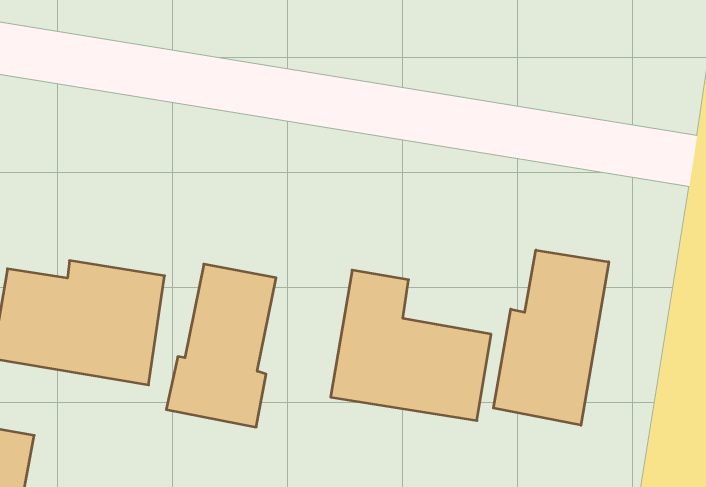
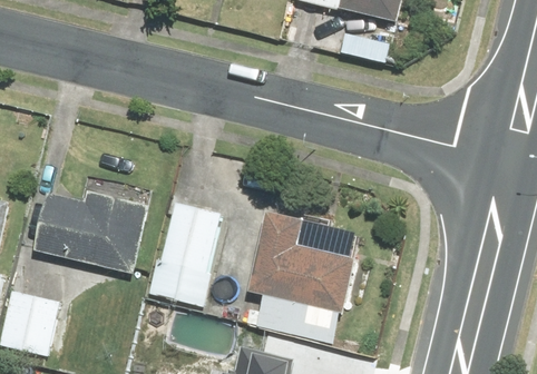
building: [493,250,609,425] -> none

